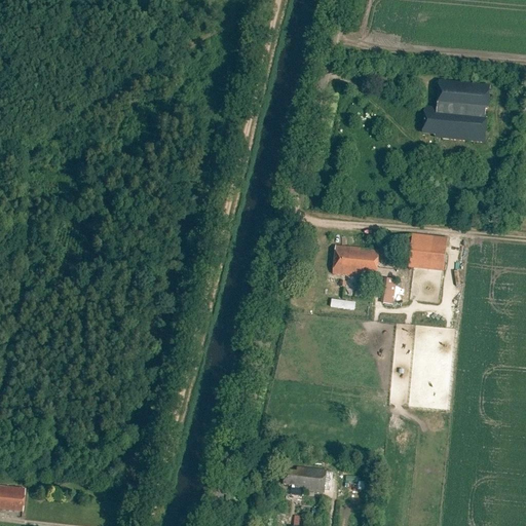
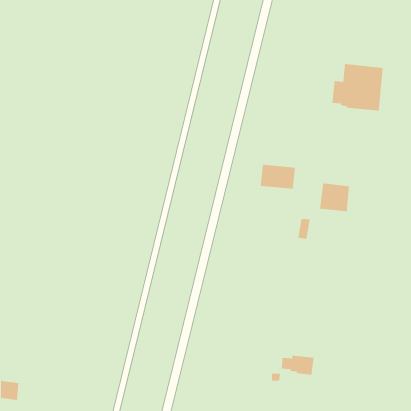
building: [333,246,379,277] -> [260,164,296,189]
building: [284,466,327,492] -> [281,355,315,375]

